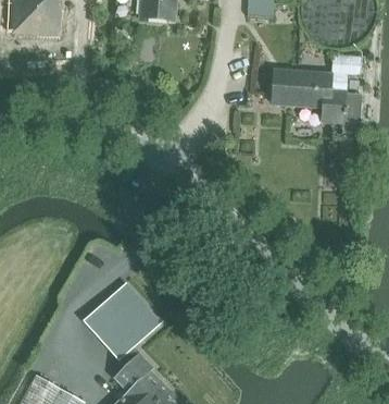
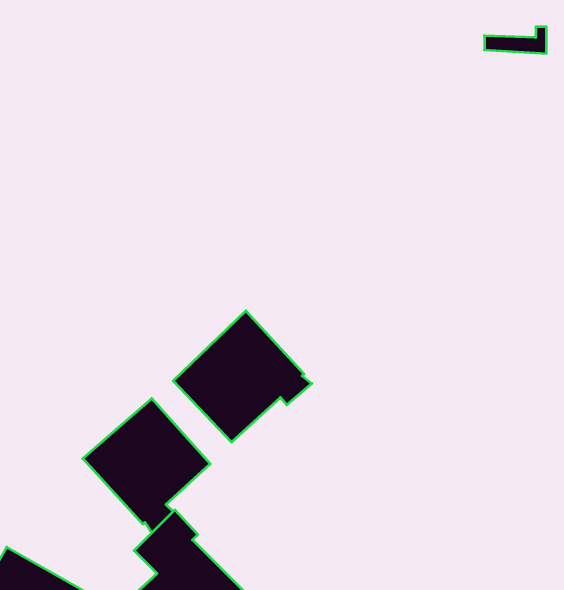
building: [272,70,362,123] -> none
building: none -> [173,311,312,442]

